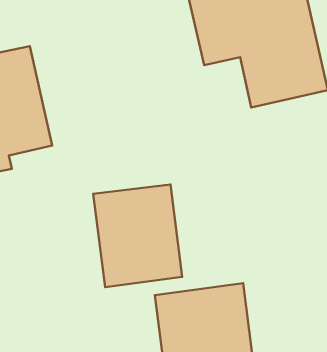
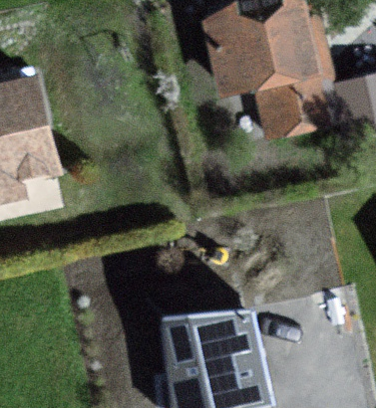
building: [93,185,182,287] -> none

